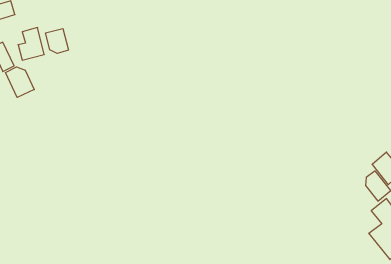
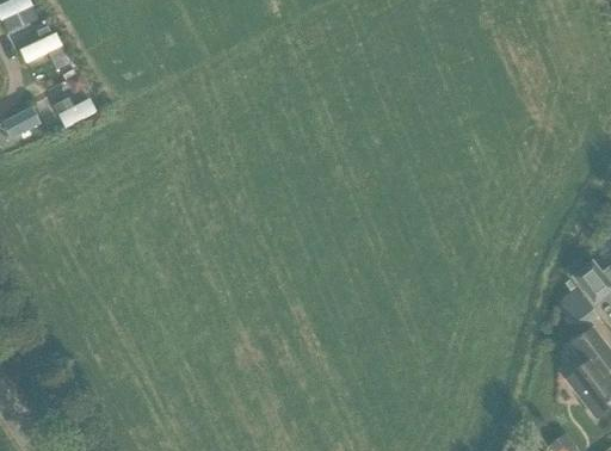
building: [46,29,69,53] -> none
building: [6,67,34,97] -> none

